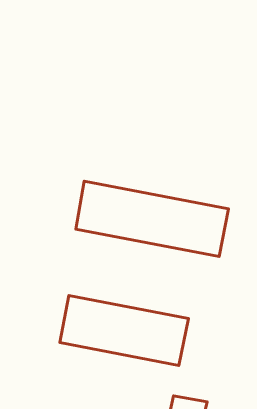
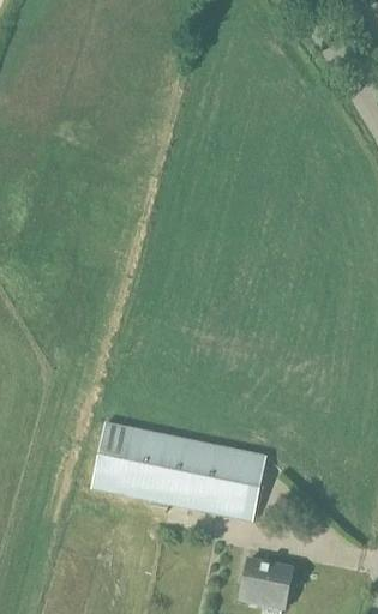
building: [76,181,229,257] -> none

